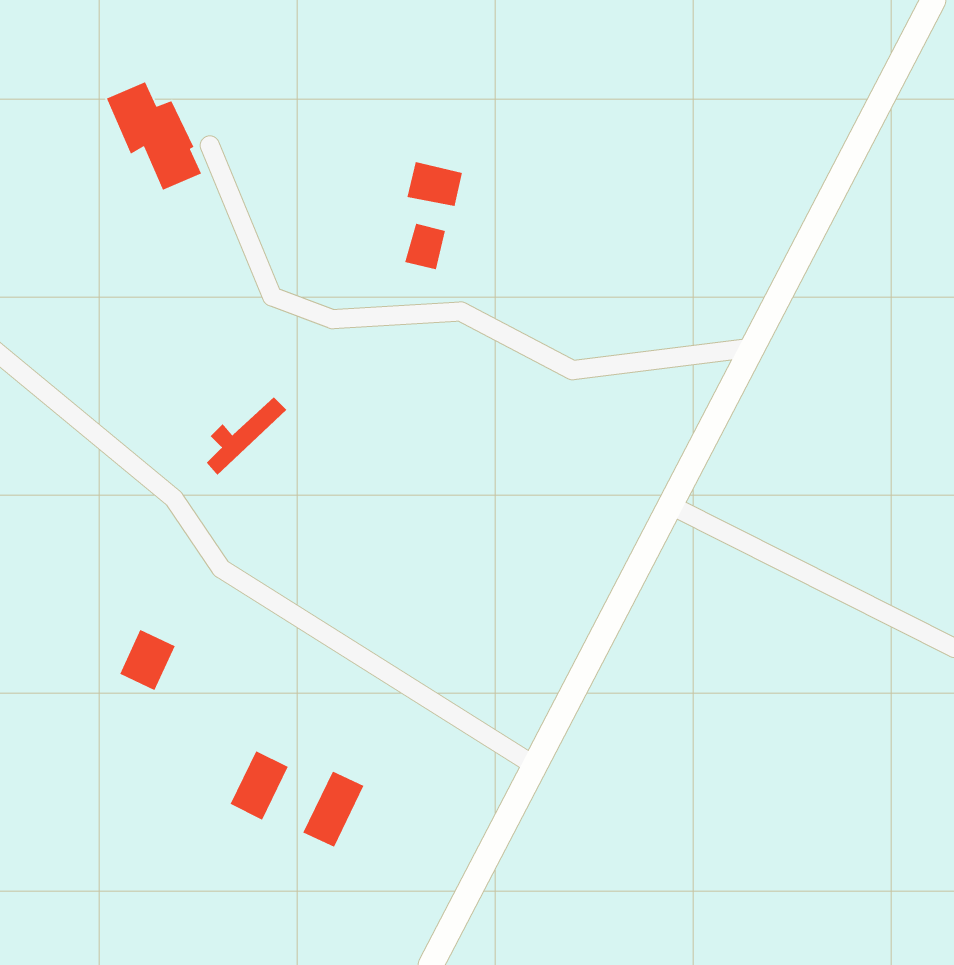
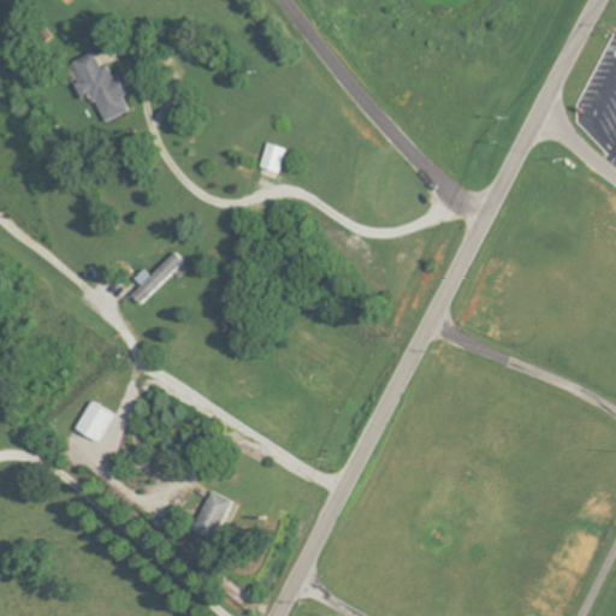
building: [407,161,463,207] -> none
building: [230,750,289,821] -> none

